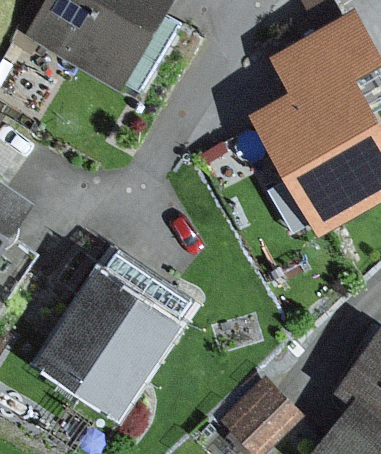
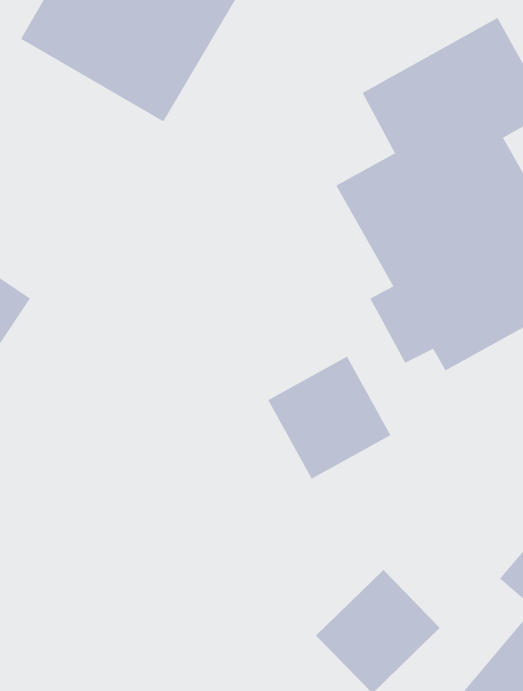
building: none -> [267,356,391,480]
building: [40,265,181,409] -> none

